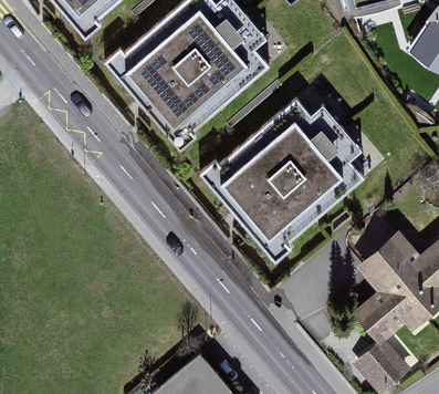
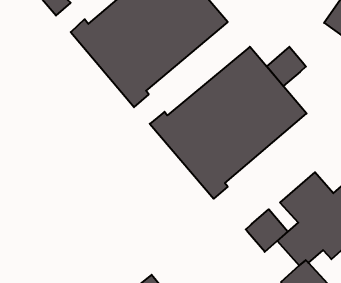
building: none -> [267,47,306,86]
building: none -> [246,209,288,252]

